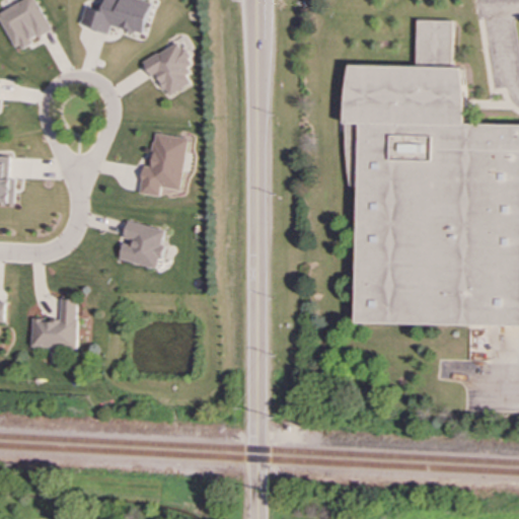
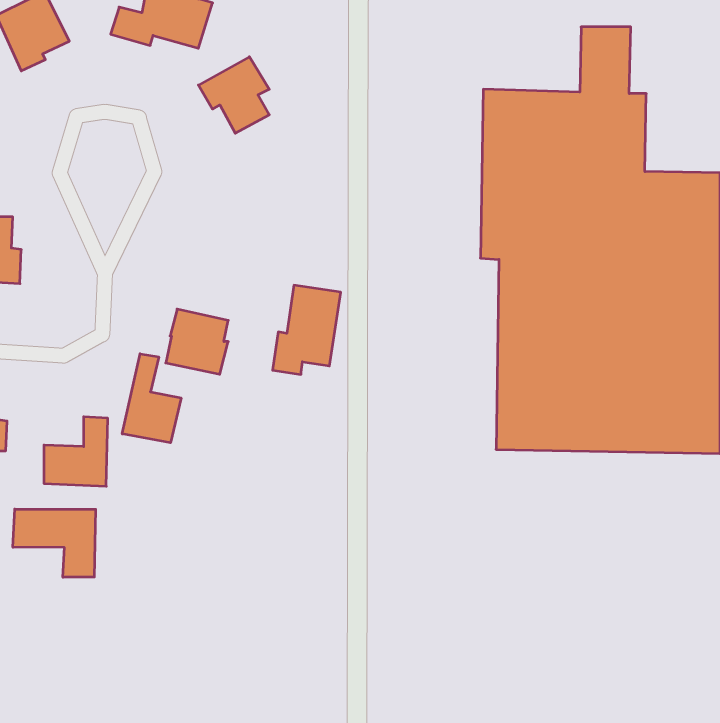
building: [139,132,188,196] -> [273,285,341,374]
building: none -> [122,354,181,443]
building: none -> [13,509,96,577]

